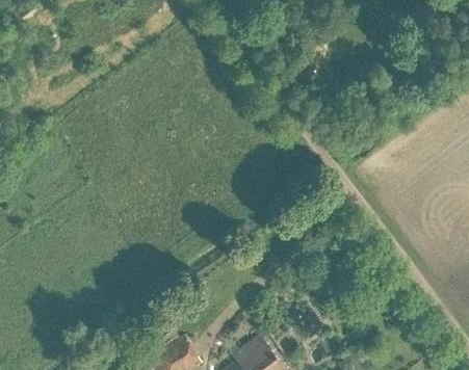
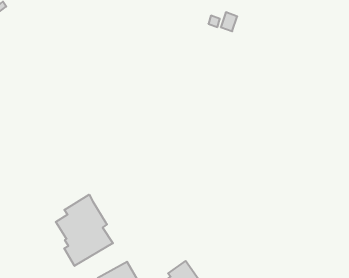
building: none -> [56,195,113,266]

